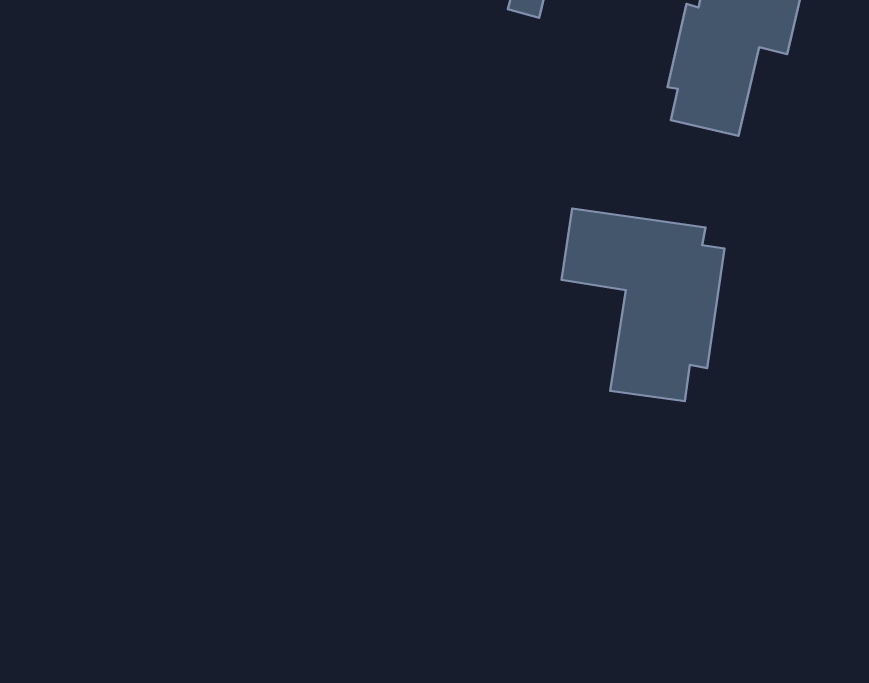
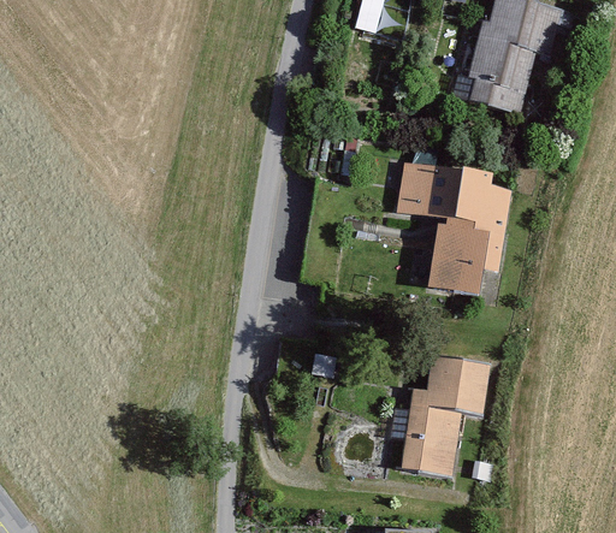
building: none -> [402,356,486,473]

